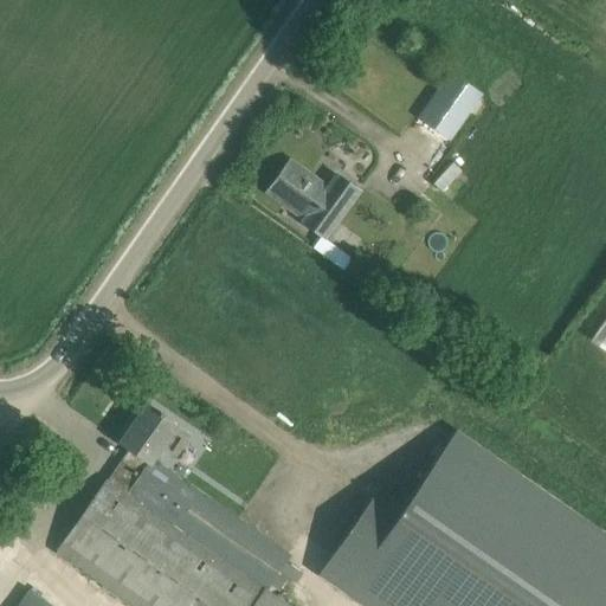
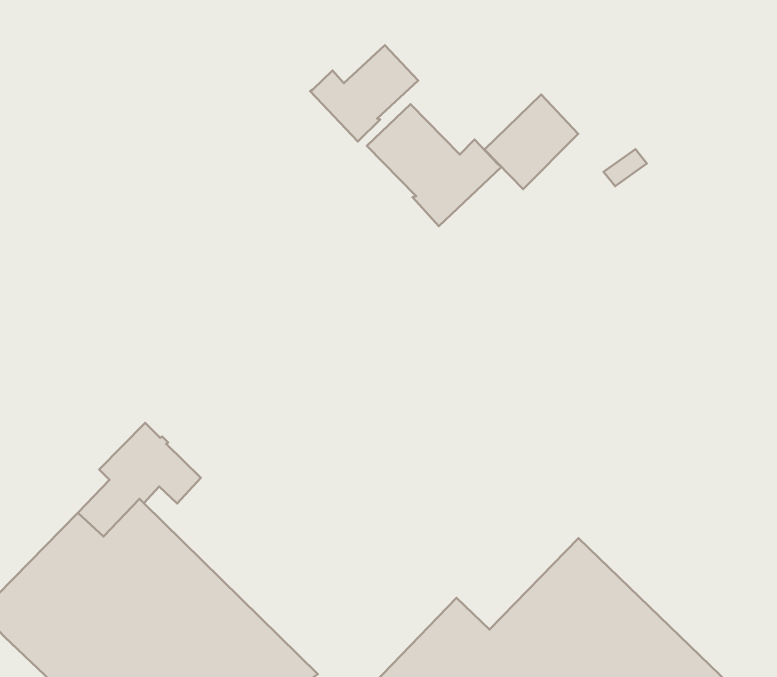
building: [420,73,482,140] -> [485,94,578,189]
building: none -> [310,45,418,141]

